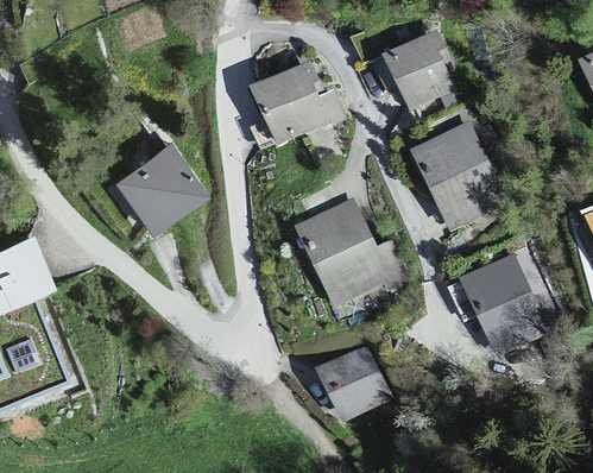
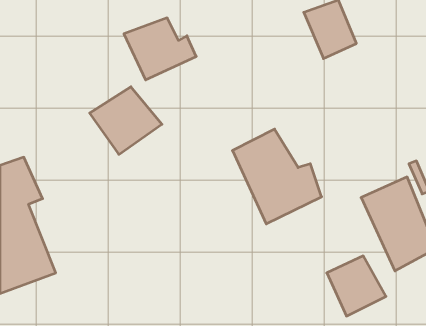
building: [252,65,343,144] -> [124,18,196,80]
building: [408,125,494,231] -> none
building: [315,348,390,424] -> [327,256,386,316]

